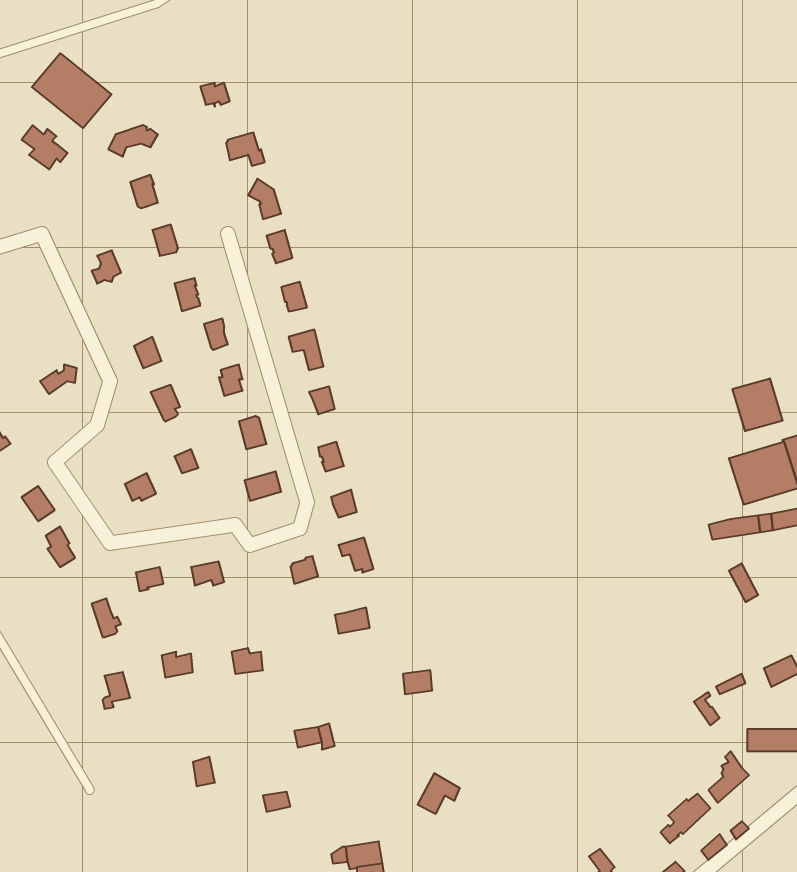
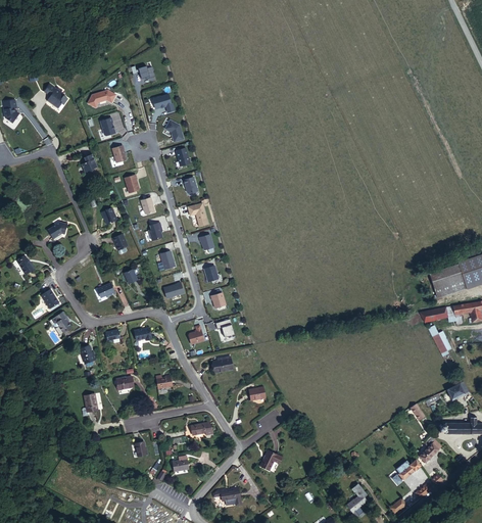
building: [32,53,112,128] -> none
building: [733,378,783,431] -> none

